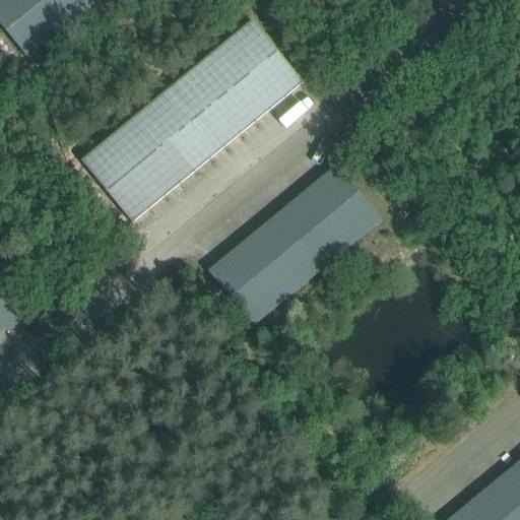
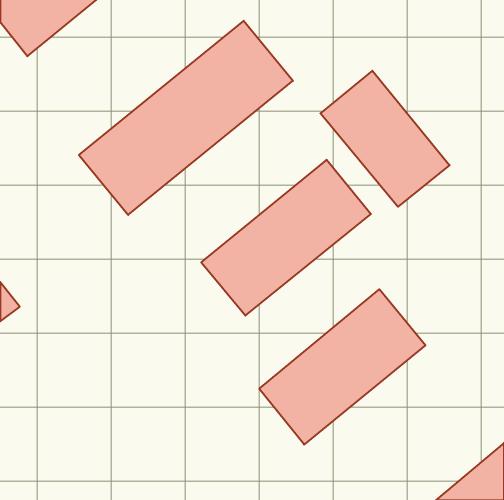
building: none -> [320,71,450,207]
building: none -> [259,289,425,445]

